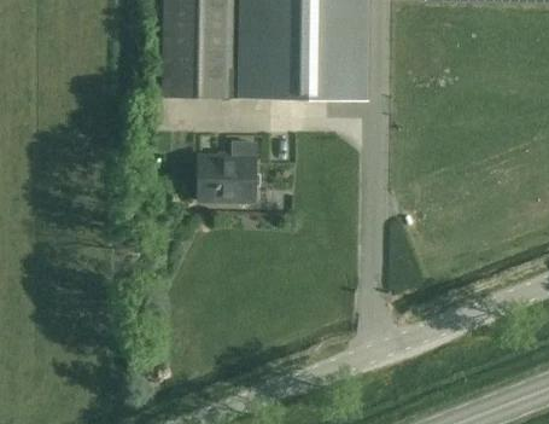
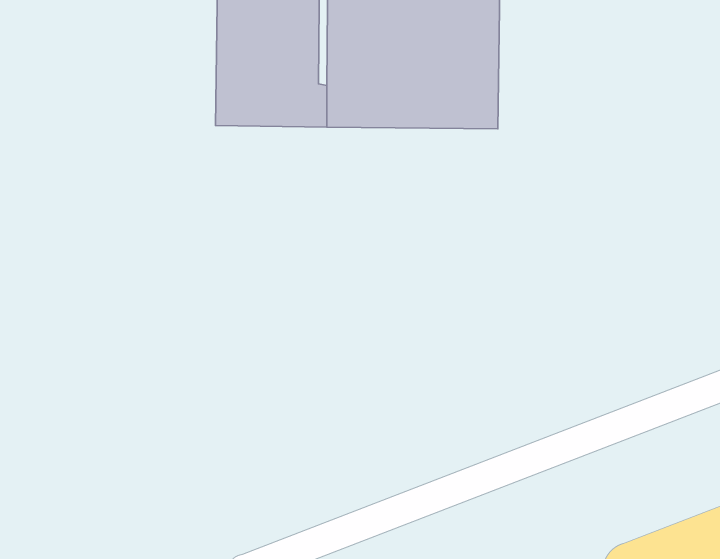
building: [198,144,253,201] -> none

